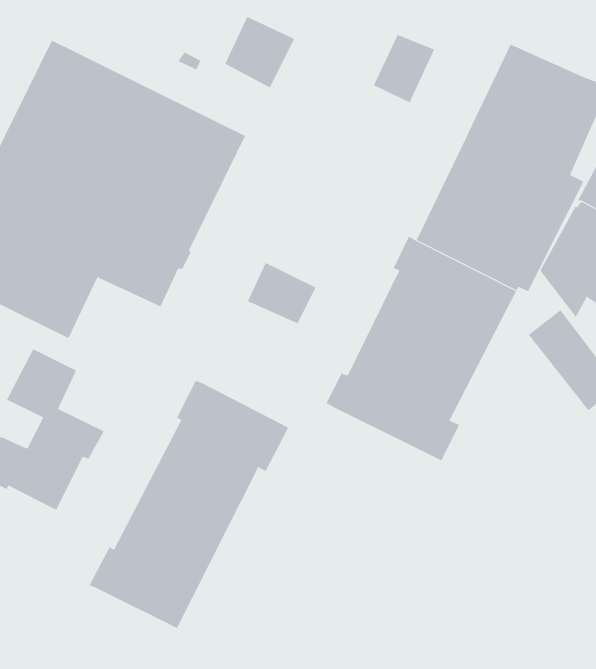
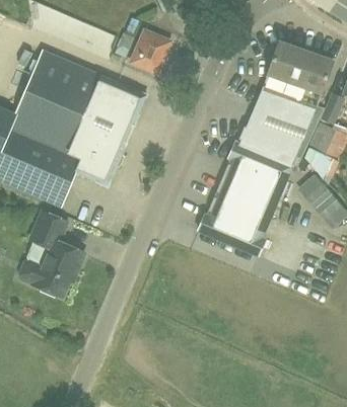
building: [373,34,435,103] -> none
building: [247,262,316,324] -> none
building: [89,380,289,629] -> none

